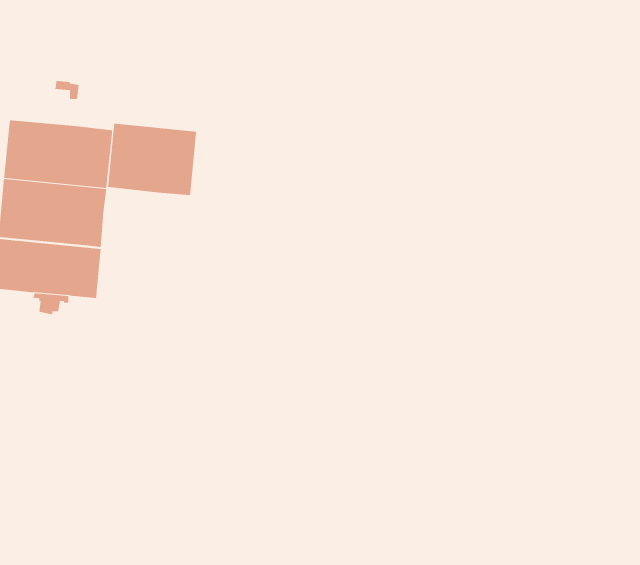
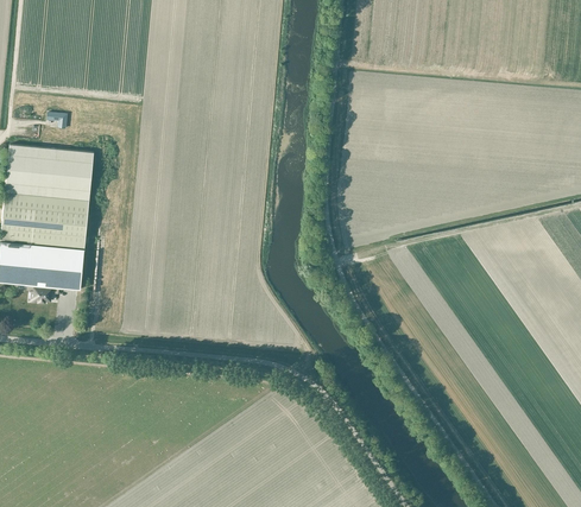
building: [107,123,197,196] -> none

